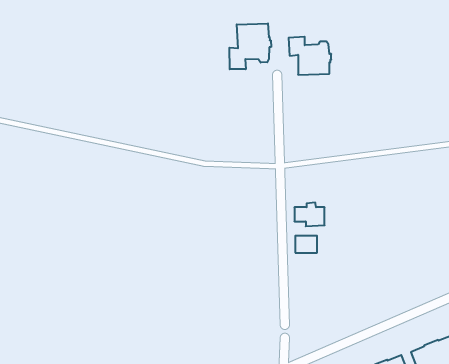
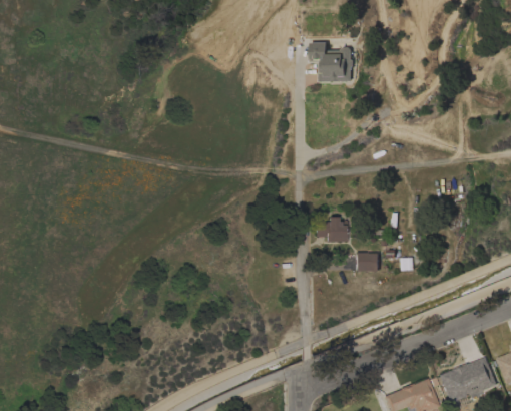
building: [229,23,271,69] -> none
building: [295,236,317,253] -> [356,253,379,271]

